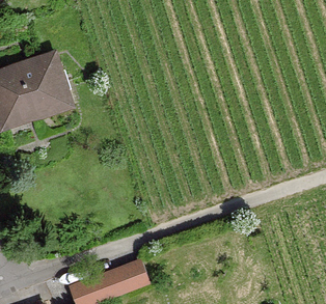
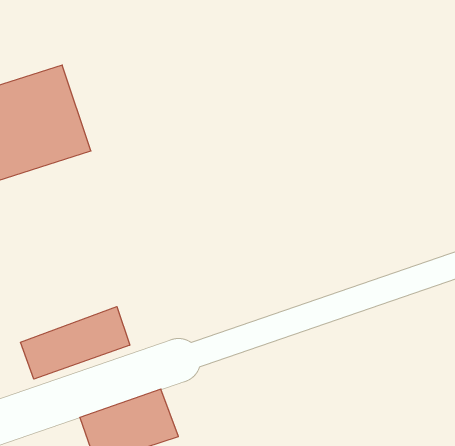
building: none -> [20,307,130,379]

